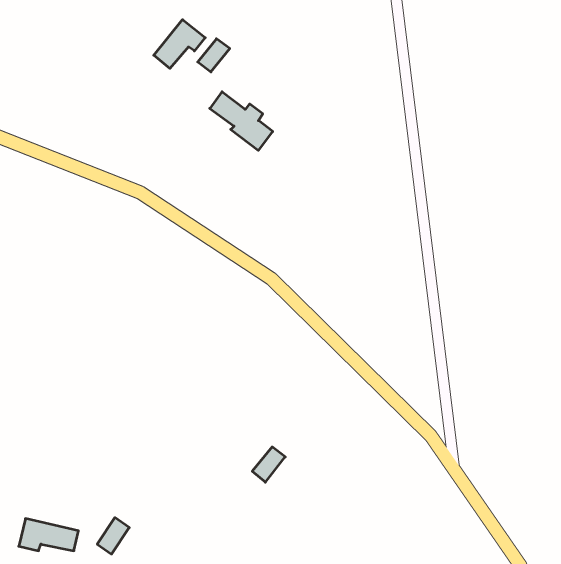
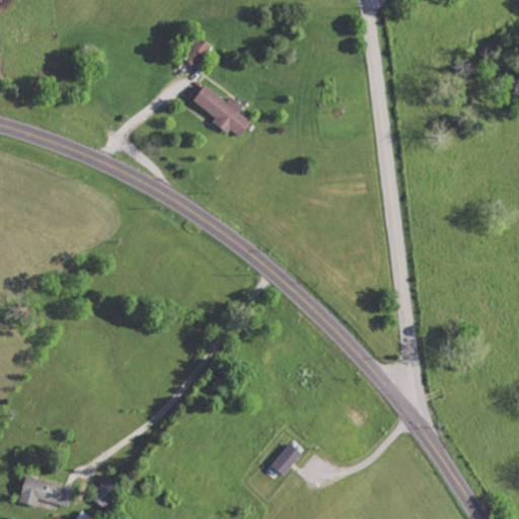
building: [154,20,205,68] -> none
building: [252,447,285,482] -> [270,443,300,475]

